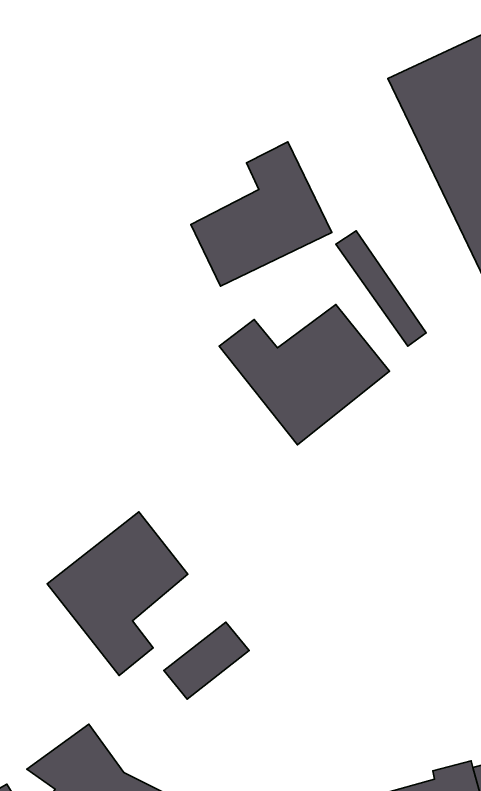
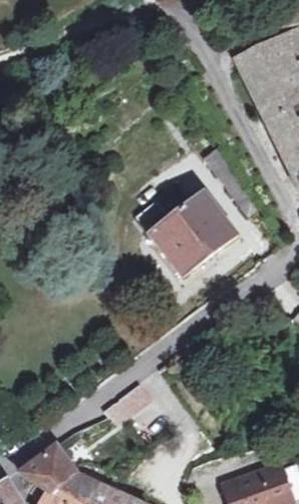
building: [191,142,332,286] -> none
building: [47,512,188,676] -> none

